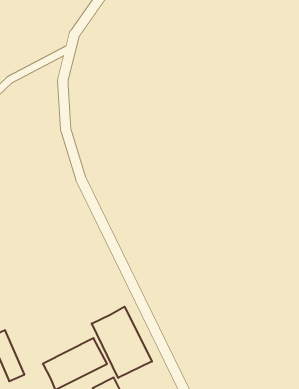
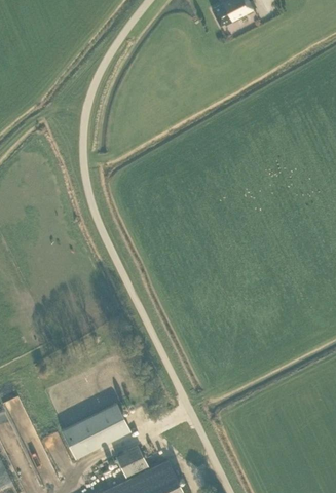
building: [92,307,152,378] -> none

